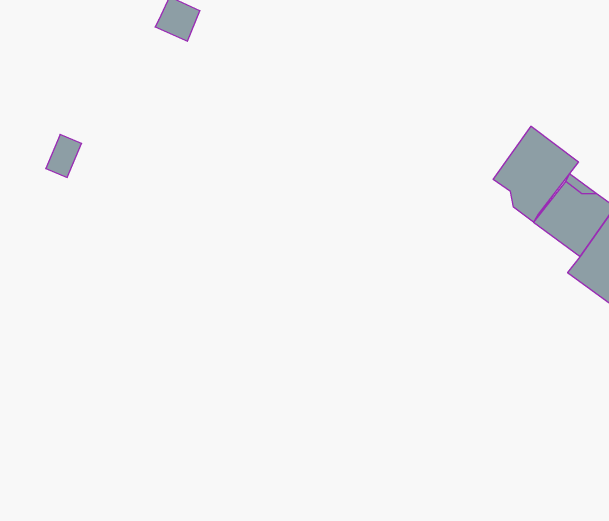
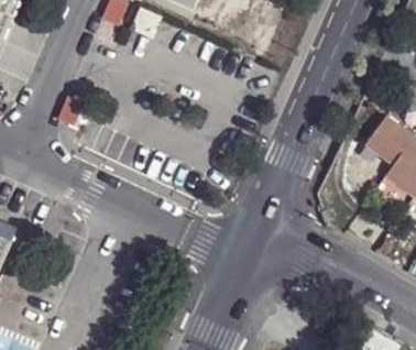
building: [493,126,578,222] -> none

